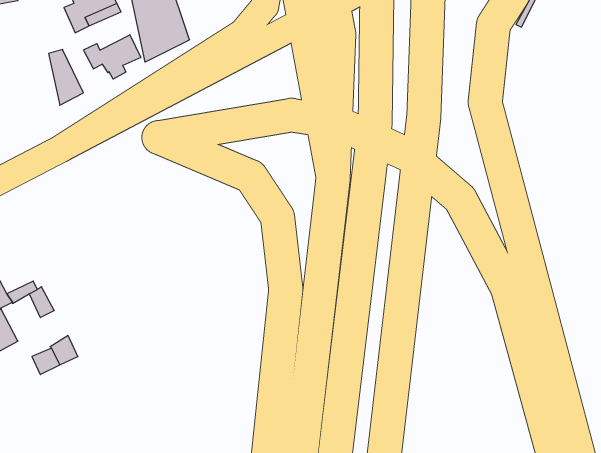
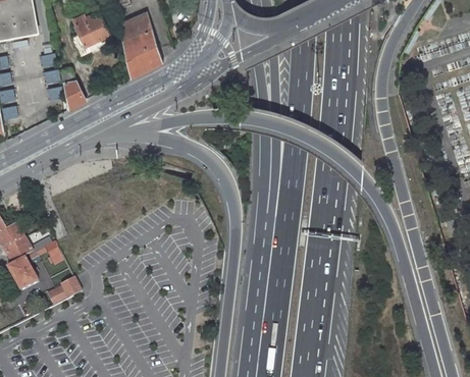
building: [83,35,141,79] -> none

